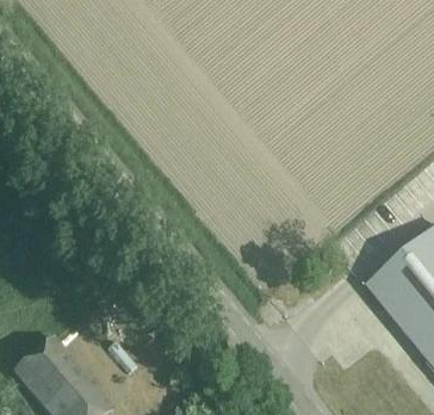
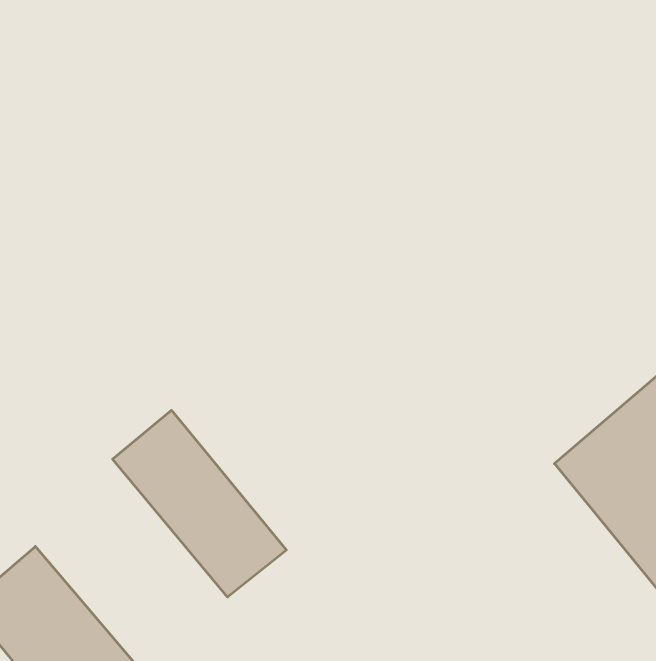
building: none -> [113,410,286,597]

